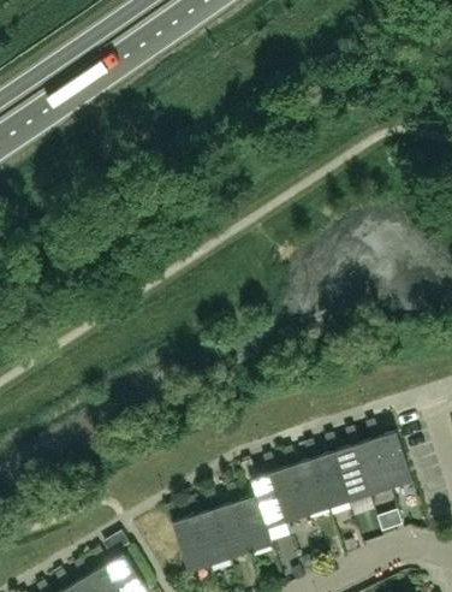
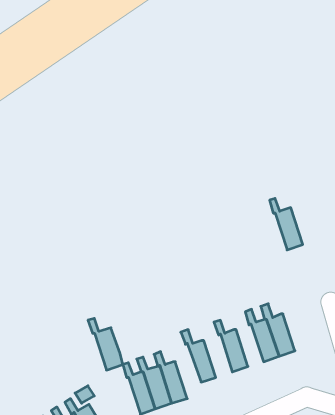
building: [368,421,411,489] -> [270,198,303,250]
building: [305,442,350,509] -> none
building: [263,456,309,523] -> none
building: [226,484,272,551] -> [88,318,123,370]

